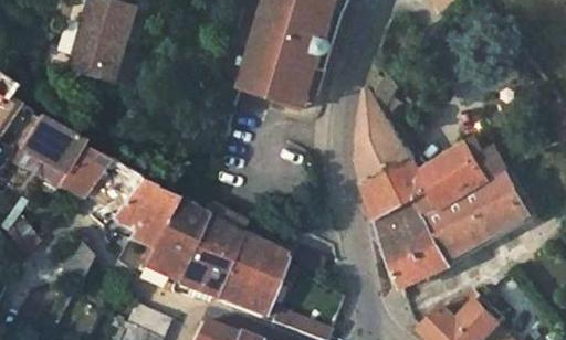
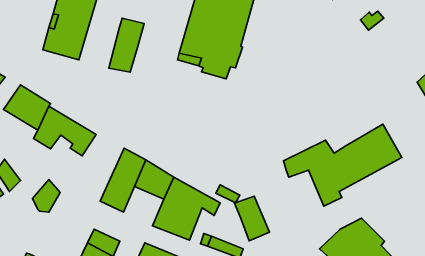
building: none -> [109,18,144,72]
building: [360,55,510,215] -> none
building: [112,181,174,252] -> none
building: [386,227,431,285] -> [234,196,270,241]
building: [172,248,224,299] -> none

